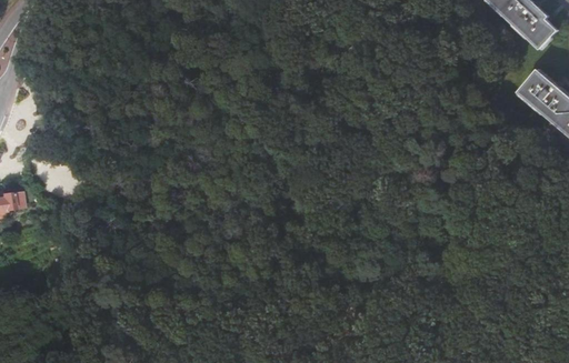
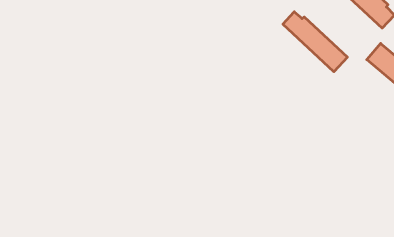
building: none -> [283,12,347,72]

